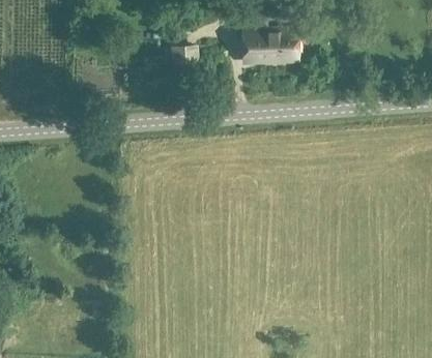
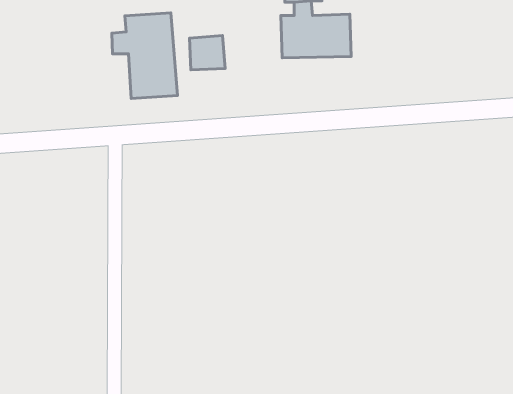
building: none -> [112,13,177,99]

